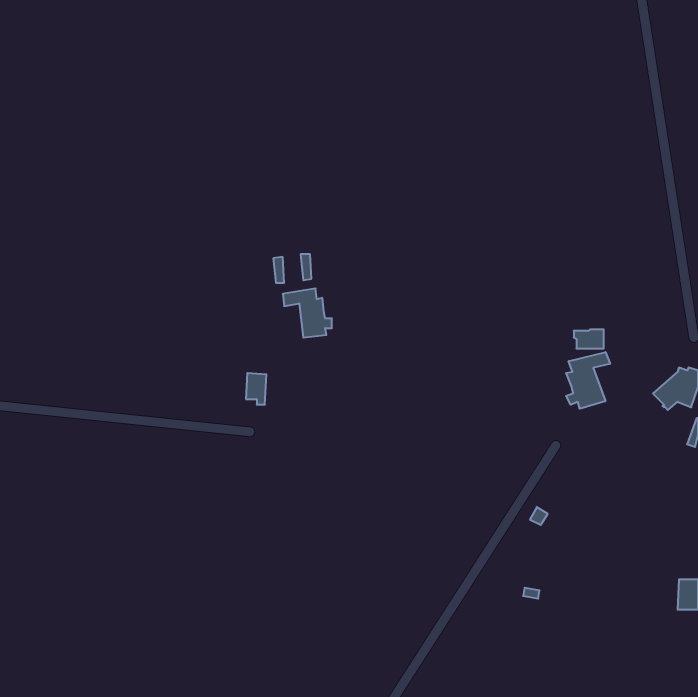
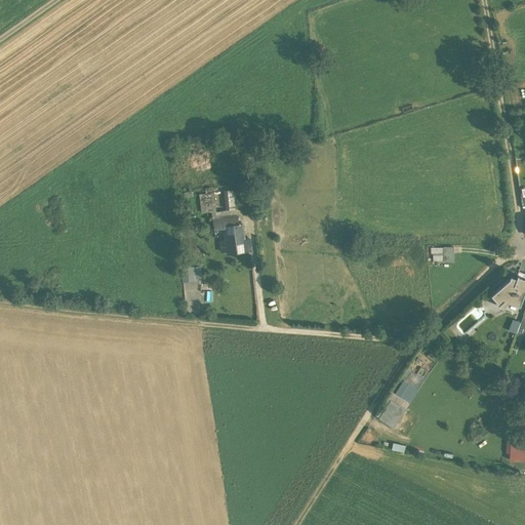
building: [566,352,610,409] -> none
building: none -> [378,400,404,429]

